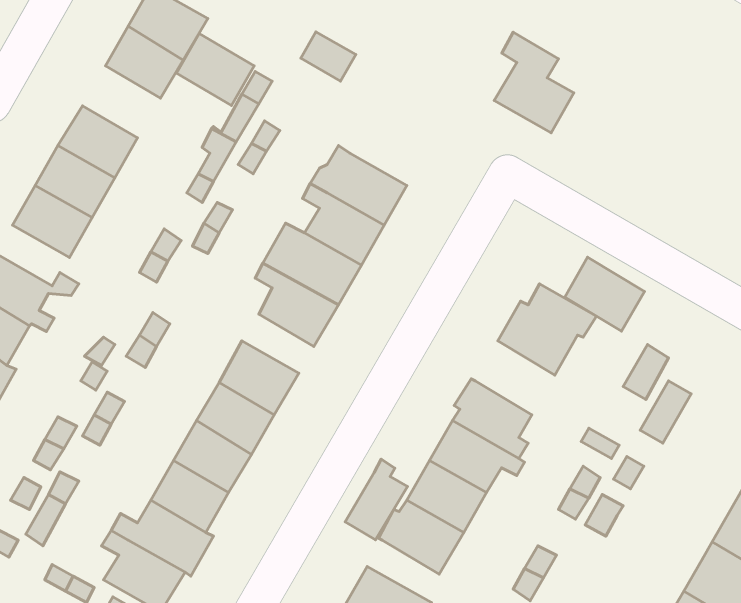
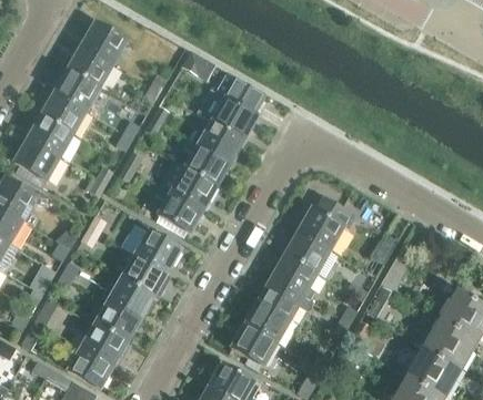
building: [494,32,574,133] -> [211,81,258,140]
building: [176,33,254,106] -> [54,70,100,112]
building: [565,257,644,331] -> [284,230,331,274]
building: [345,459,408,540] -> none

